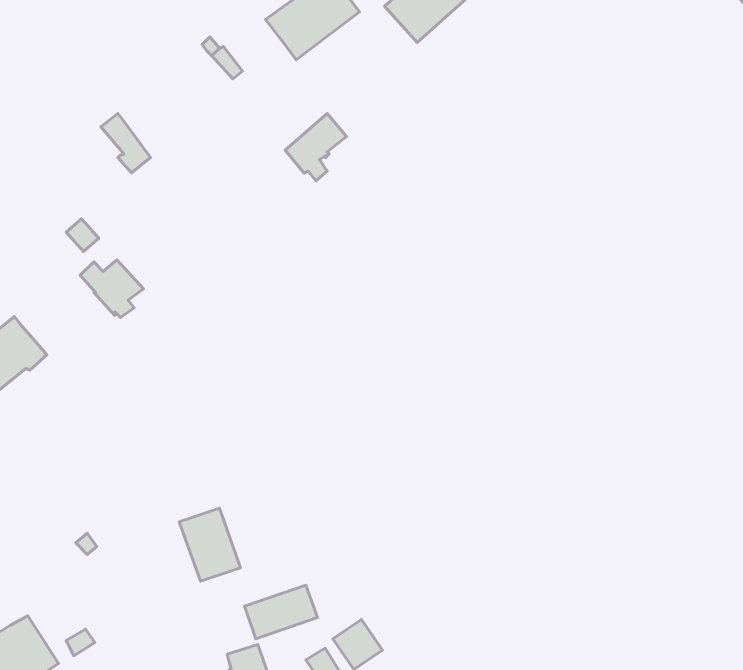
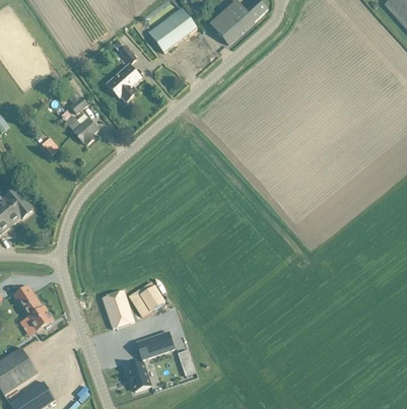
building: [285,114,346,181] -> [109,65,141,100]
building: [80,260,144,318] -> [65,113,98,143]
building: none -> [128,280,165,316]
building: none -> [13,284,52,329]

